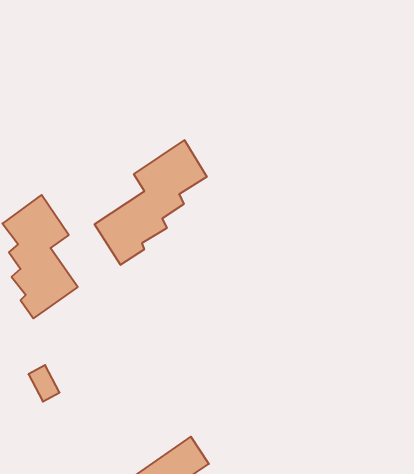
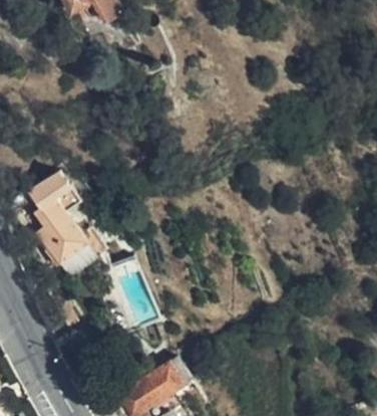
building: [95,140,207,265] -> none

